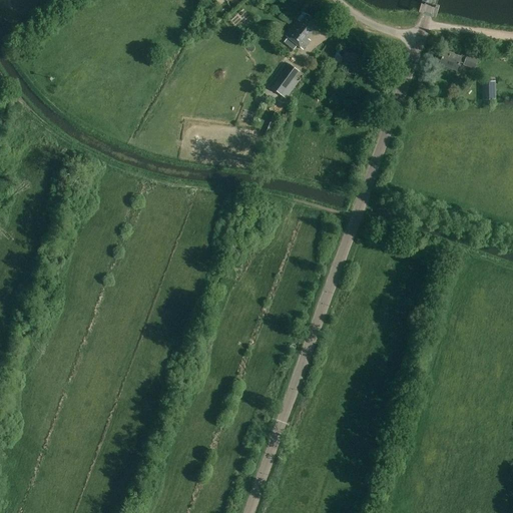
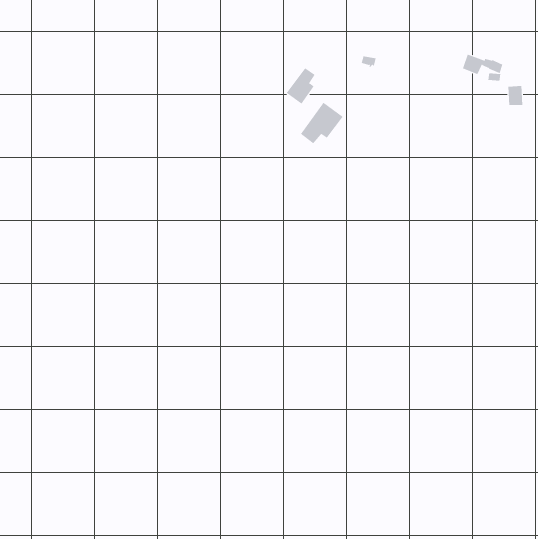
building: [285,13,321,50] -> none
building: none -> [300,102,343,144]

